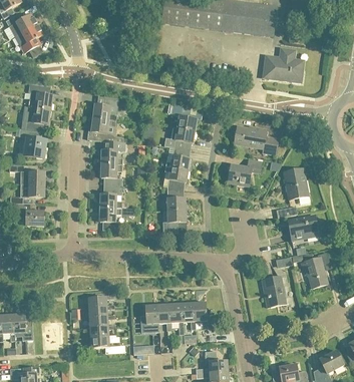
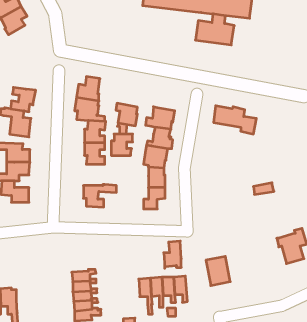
building: [262,49,302,81] -> [195,14,234,45]
building: [27,84,52,110] -> none
building: [173,108,196,131] -> [116,103,137,126]
building: [227,160,261,186] -> none
building: [283,168,308,200] -> none
building: [99,186,121,209] -> [111,134,133,155]
building: [287,215,318,241] -> none
building: [260,277,285,307] -> [206,256,230,286]
building: [139,305,157,333] -> [164,241,181,268]

